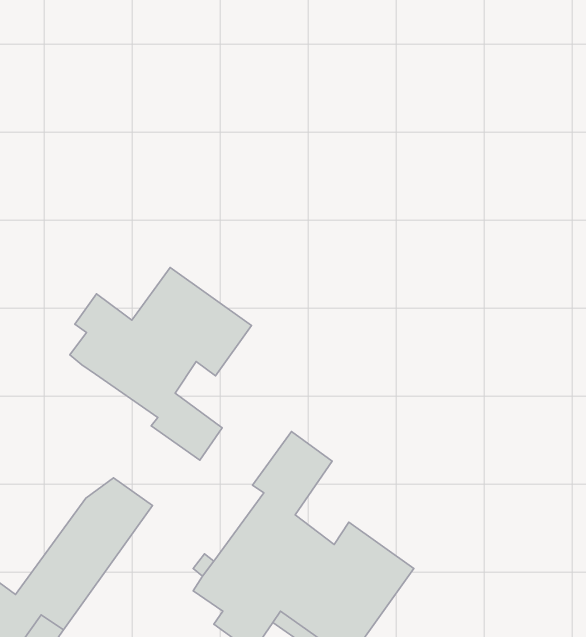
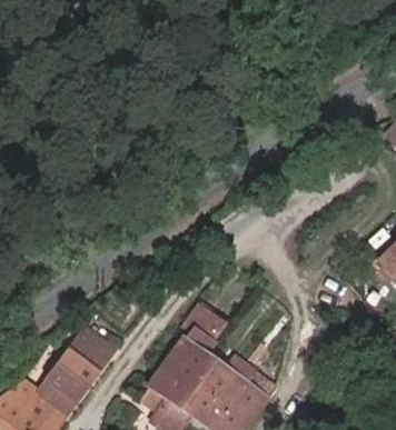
building: [70,267,251,460] -> none

